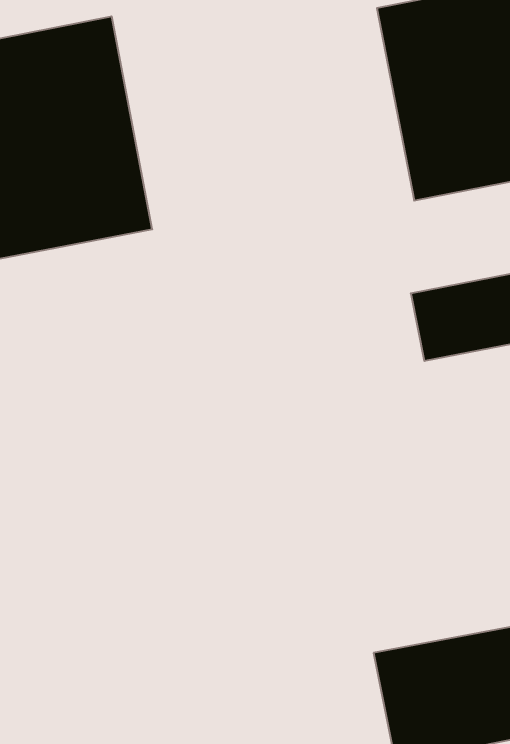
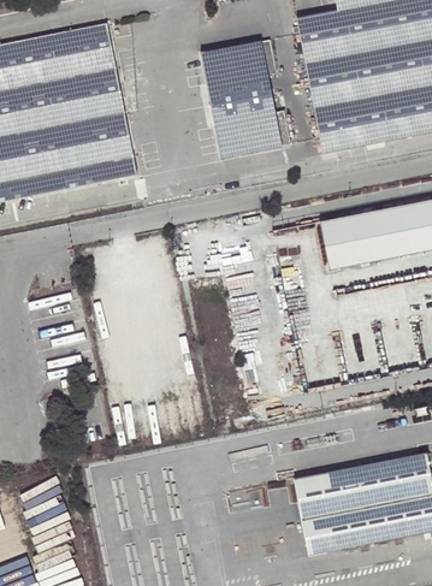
building: none -> [200,36,290,153]

